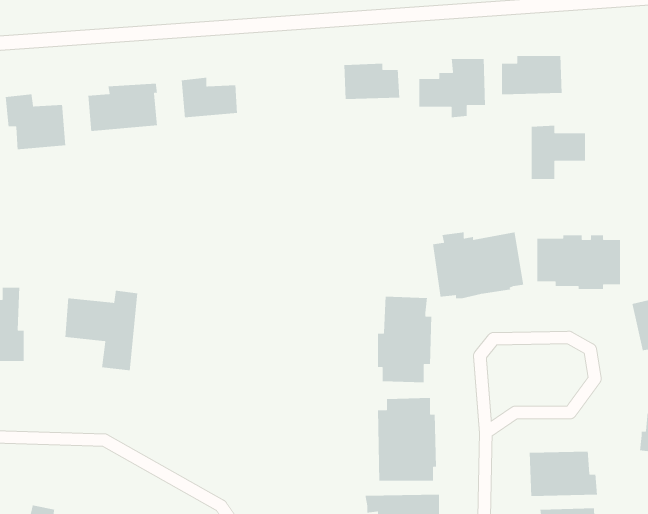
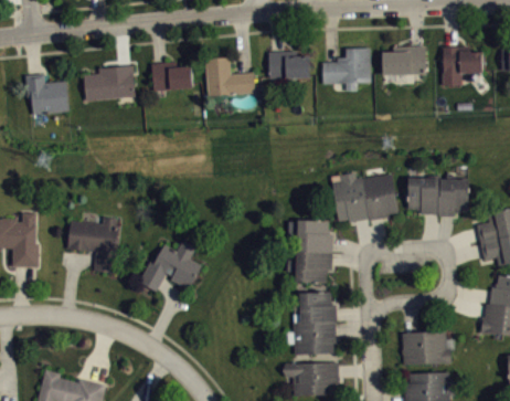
building: none -> [205,56,255,96]
building: [531,125,586,180] -> [443,46,482,86]
building: none -> [139,238,202,292]

